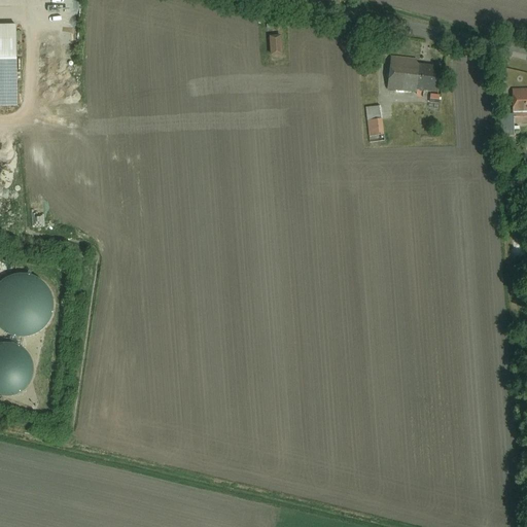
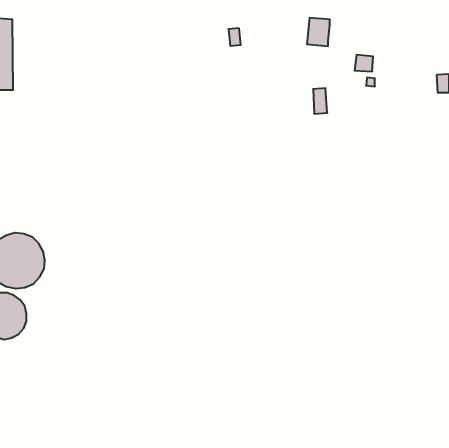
building: [389,56,416,89] -> [307,18,330,46]

